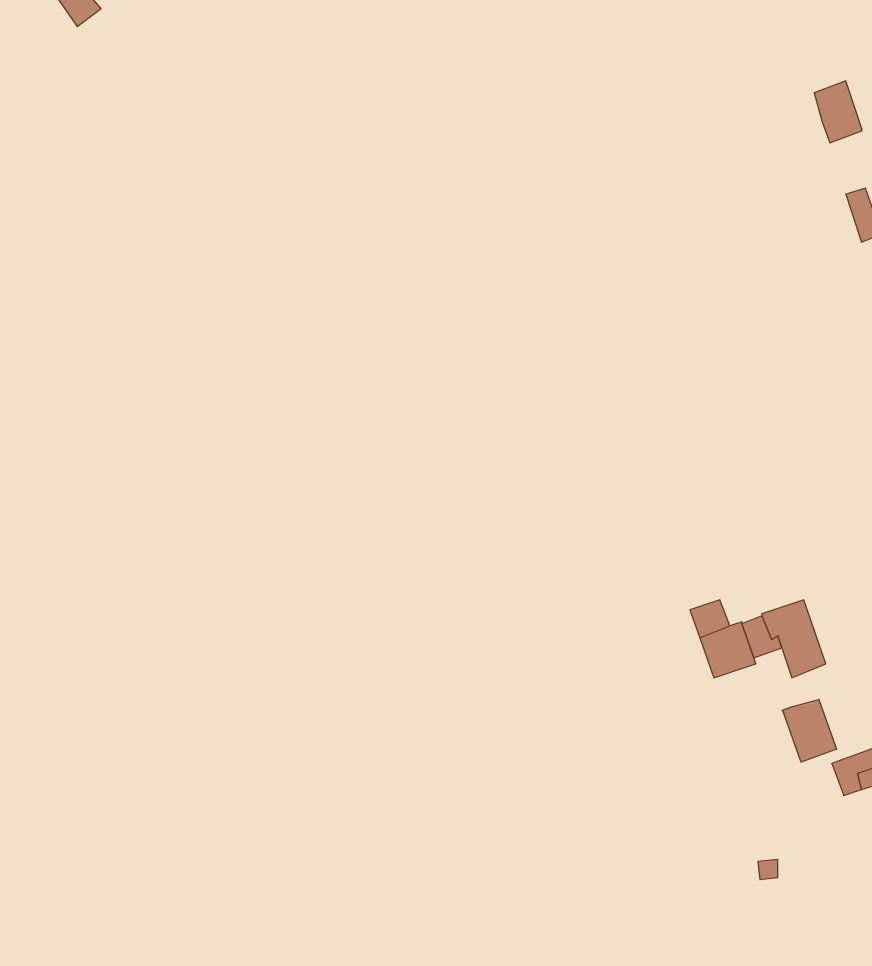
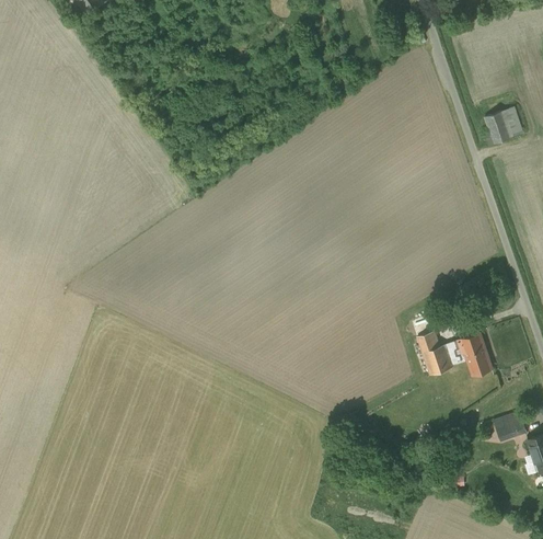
building: [814,81,862,143] -> [485,110,511,144]
building: [782,699,837,762] -> none

